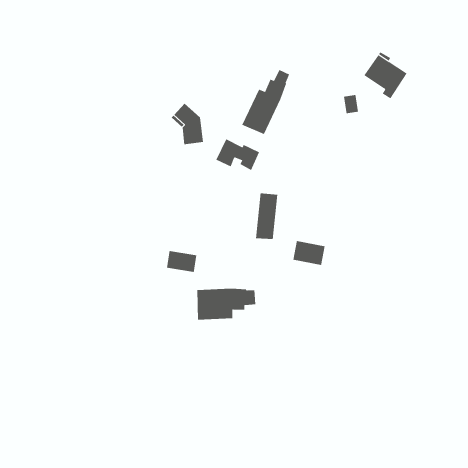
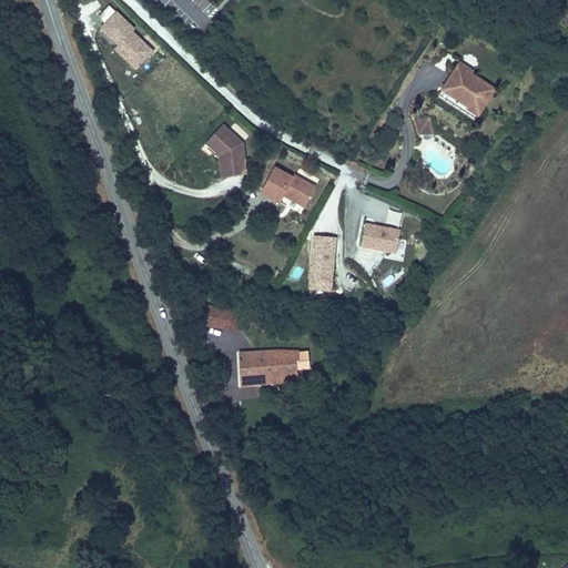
building: none -> [102,9,156,73]
building: [242,69,290,135] -> none
building: [292,241,326,265] -> [359,222,399,252]

